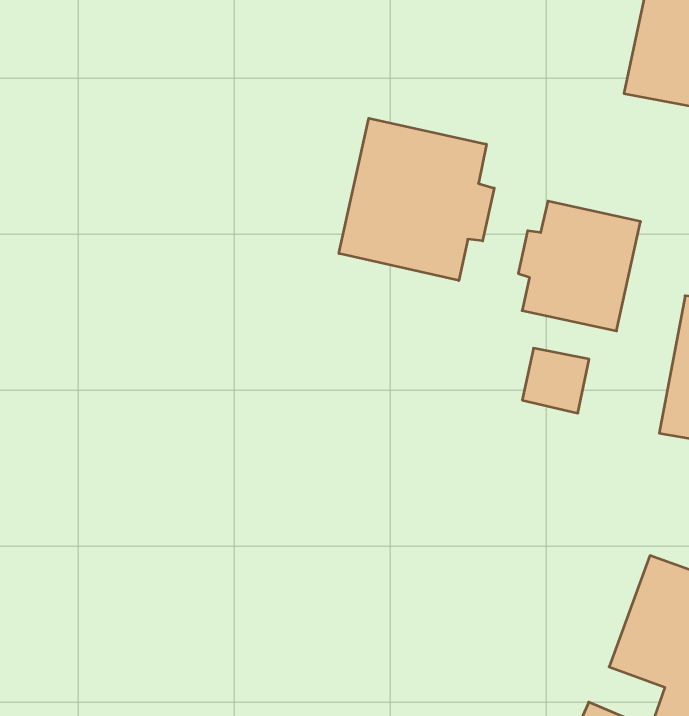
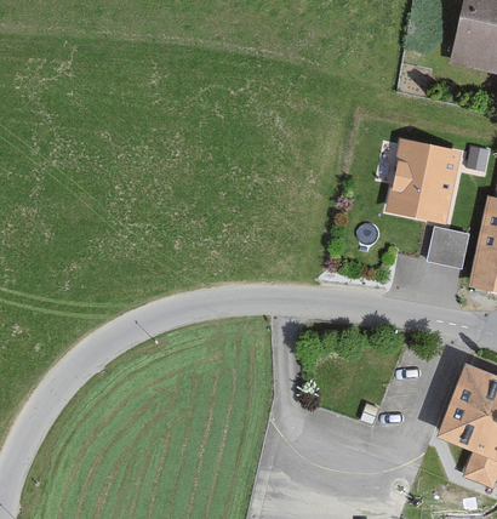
building: [339,118,494,281] -> none
building: [522,348,589,413] -> [430,227,474,269]

